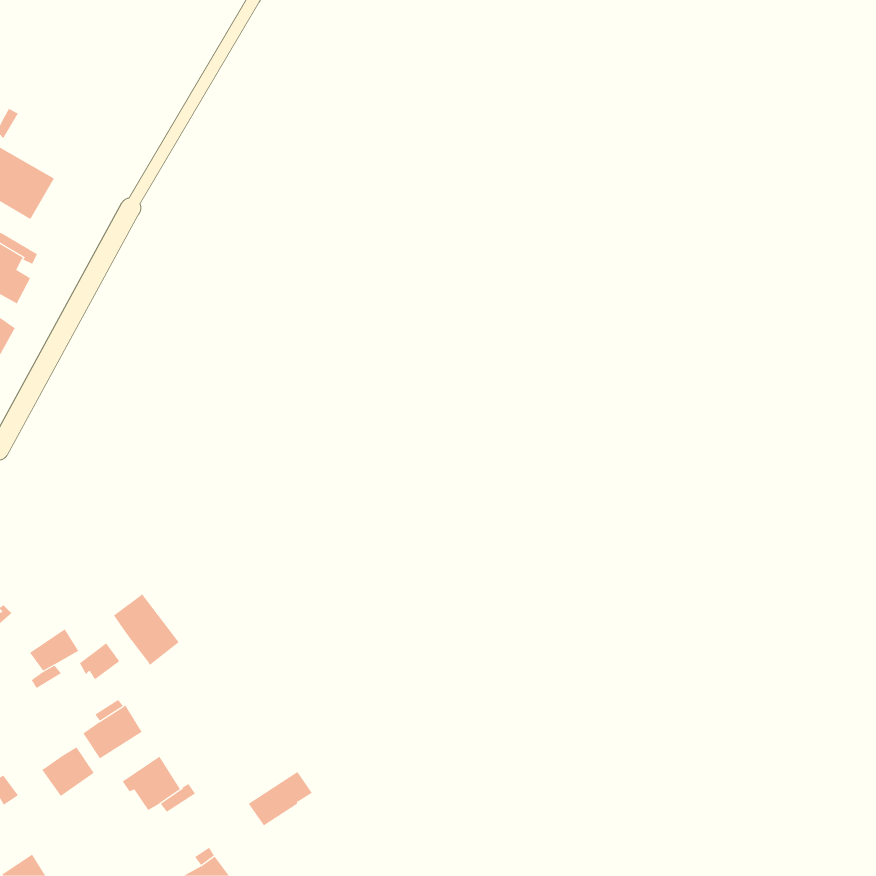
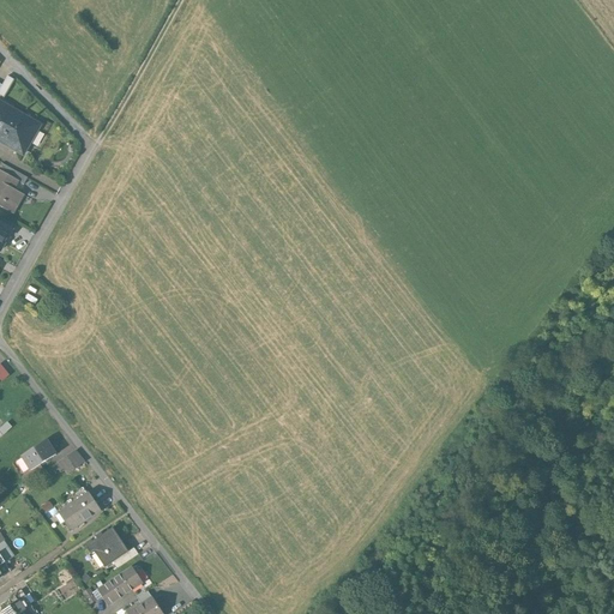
building: [113,594,180,666] -> none
building: [41,746,94,797] -> none
building: [248,771,313,826] -> [96,567,142,606]

